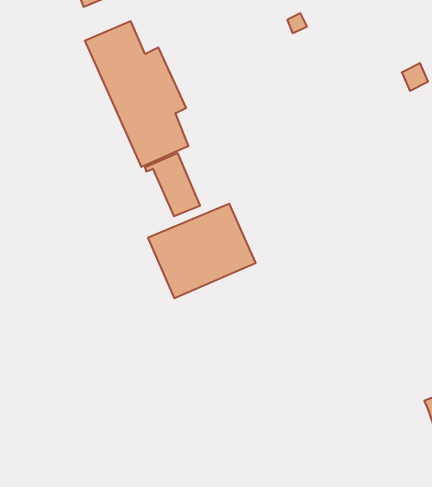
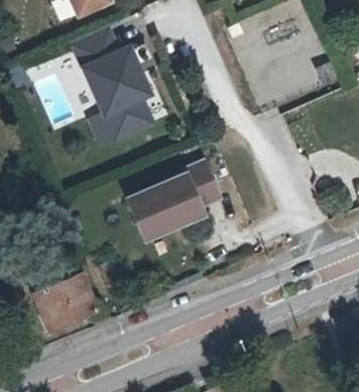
building: [145,153,200,216] -> [178,158,221,206]
building: none -> [29,271,98,333]

